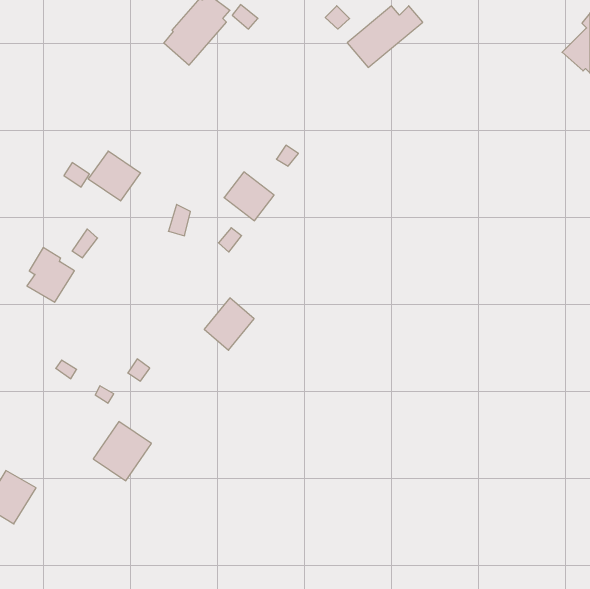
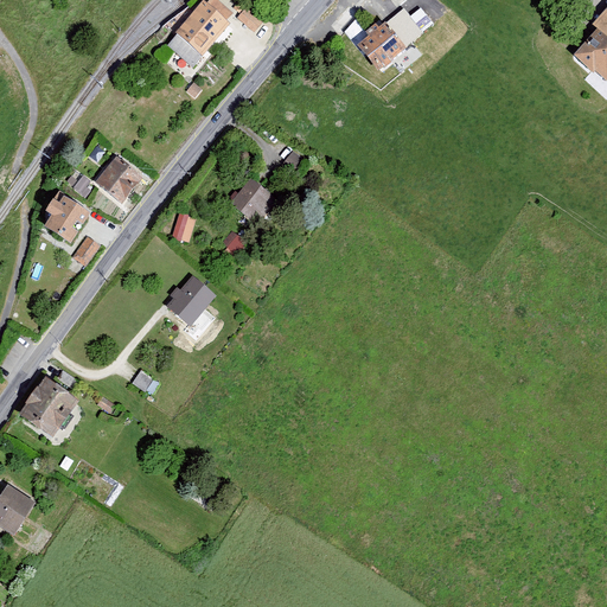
building: [27,248,74,302] -> [44,189,92,244]
building: [204,298,254,350] -> [162,271,213,325]
building: [93,422,151,481] -> [20,377,79,437]

